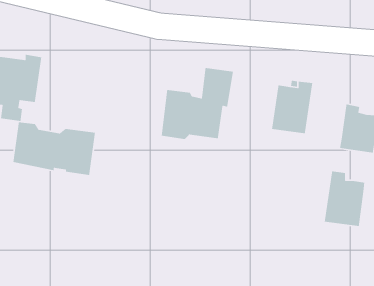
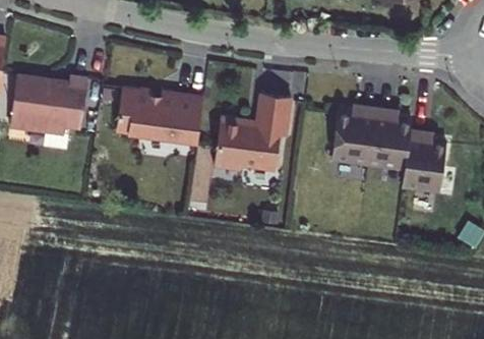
building: [12,121,96,176] -> [115,86,203,144]
building: [324,171,365,227] -> [368,108,412,168]

